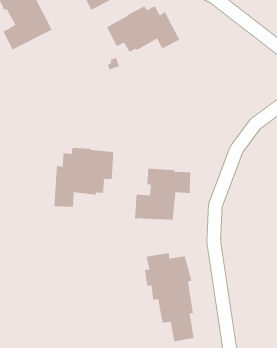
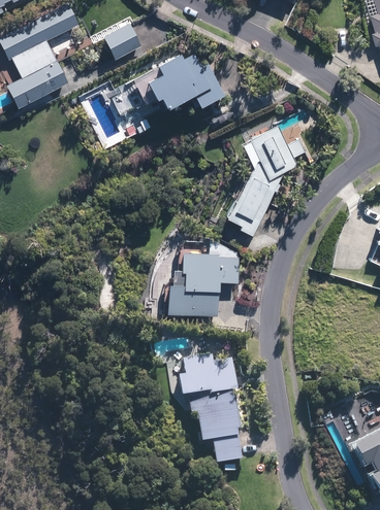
building: none -> [231,124,306,235]
building: [54,147,114,207] -> none

